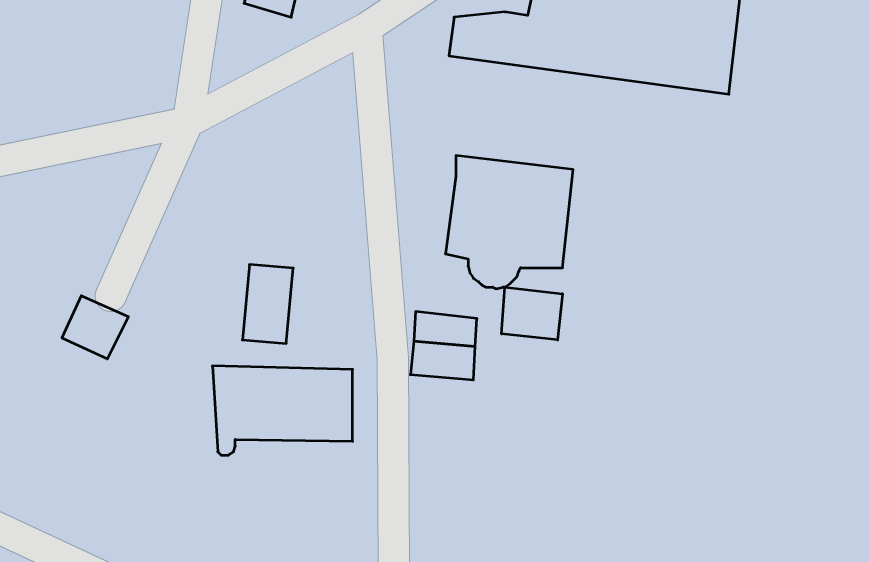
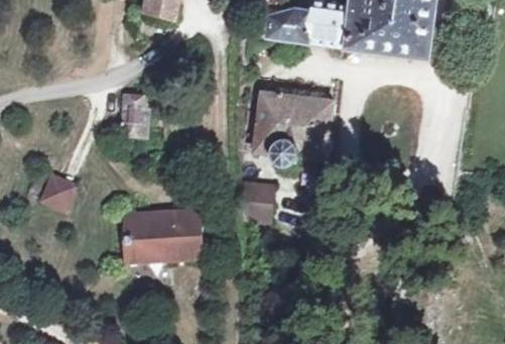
building: [242,265,293,343] -> [121,94,150,139]
building: [502,287,562,340] -> none

